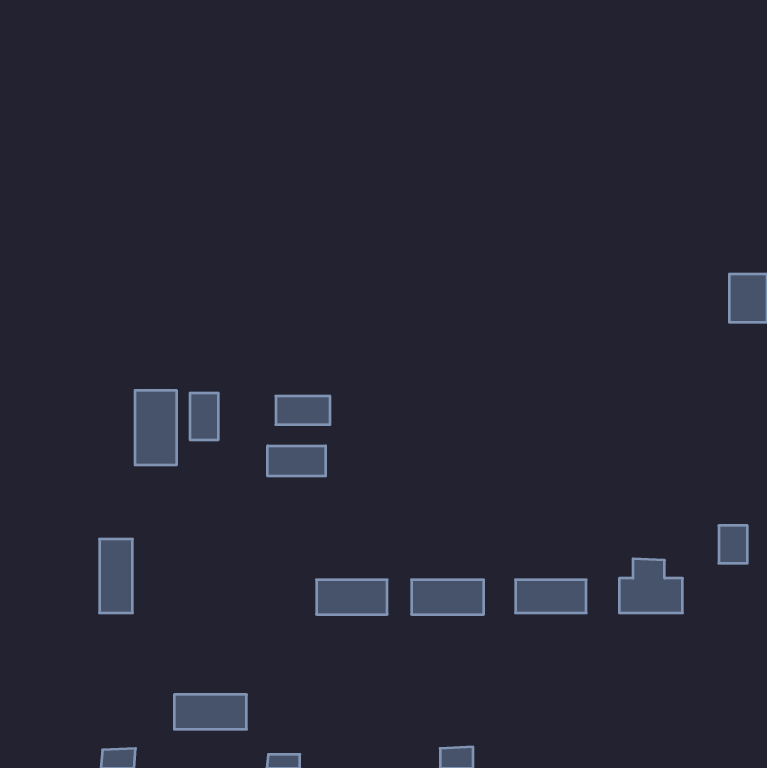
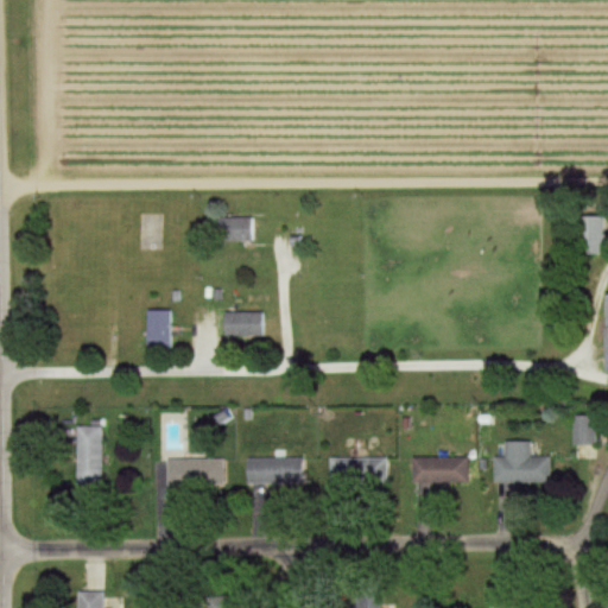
building: none -> [210,217,249,241]
building: [135,390,176,465] -> none
building: [268,446,326,476] -> none
building: [174,695,247,729] -> [169,458,226,486]

